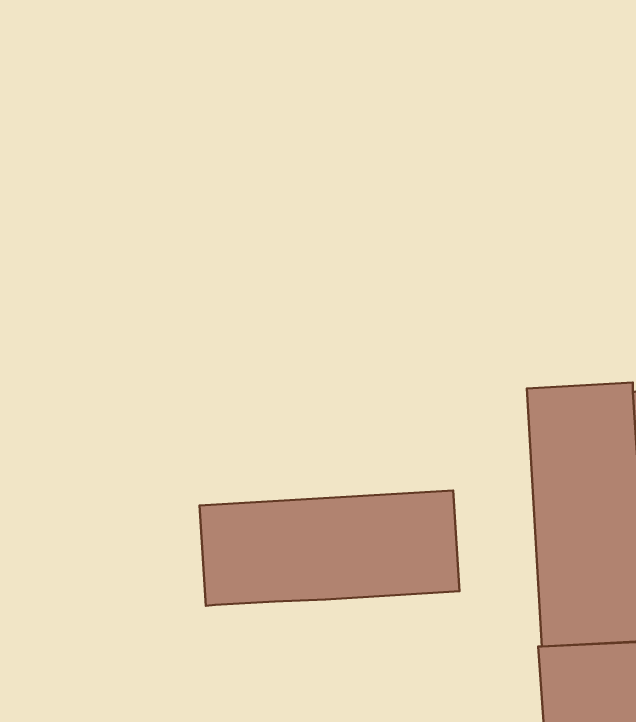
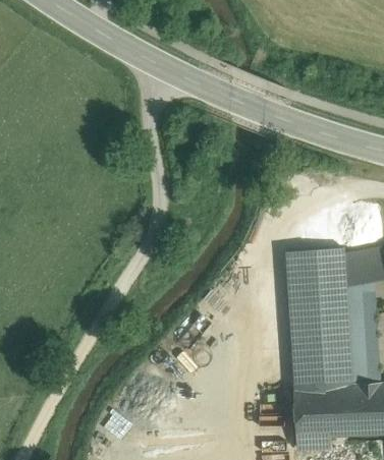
building: [200,491,460,606] -> none

